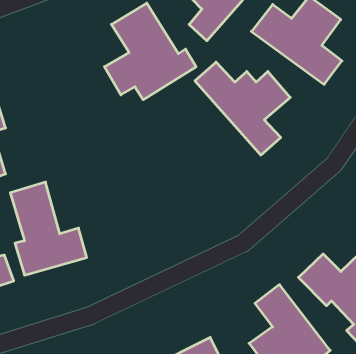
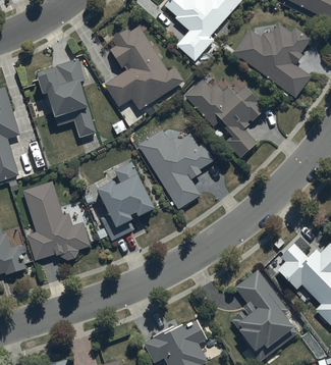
building: none -> [38,61,98,138]
building: none -> [136,128,215,209]
building: none -> [96,160,155,241]

